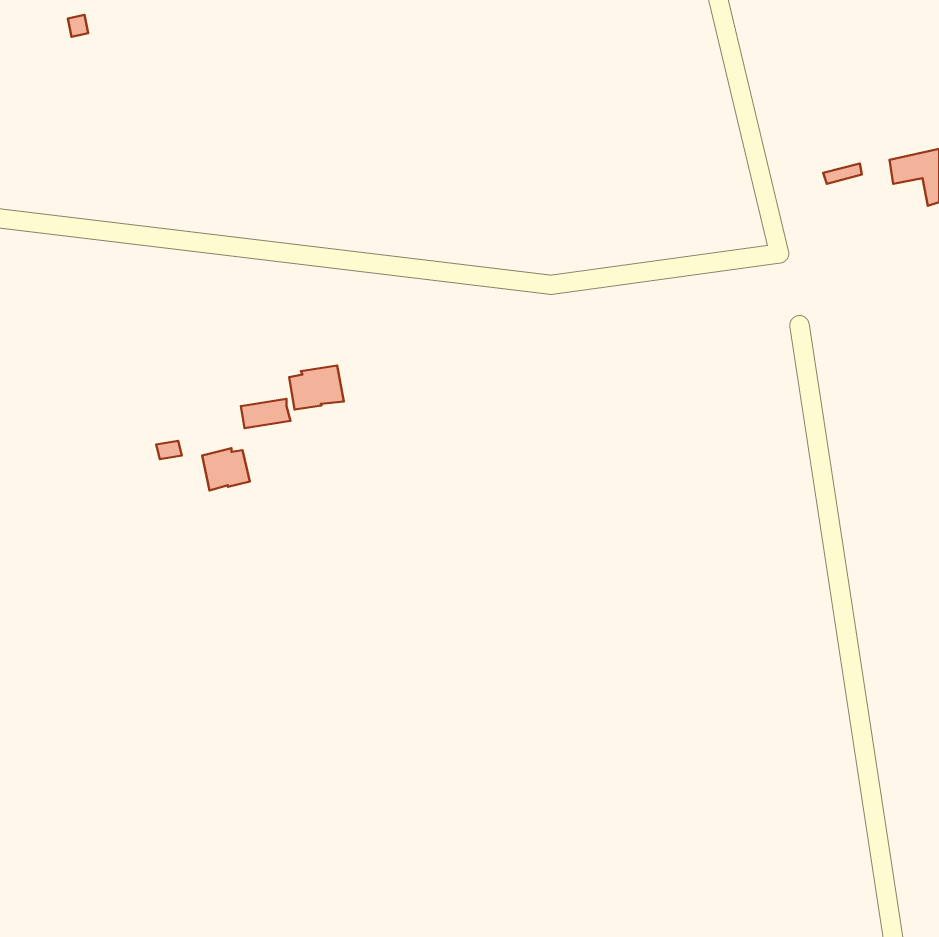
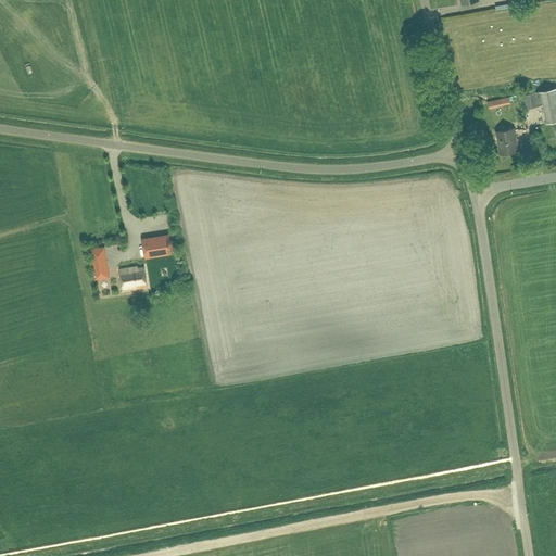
building: none -> [495,128,517,154]
building: [289,366,344,410] -> none

